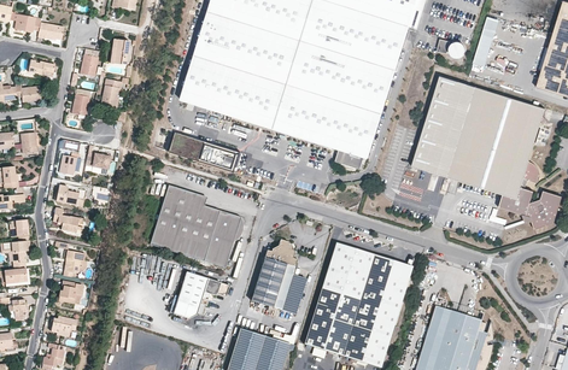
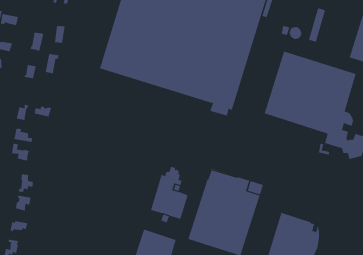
building: [169,130,239,171] -> none
building: [150,184,244,269] -> none
building: [174,271,229,318] -> none

